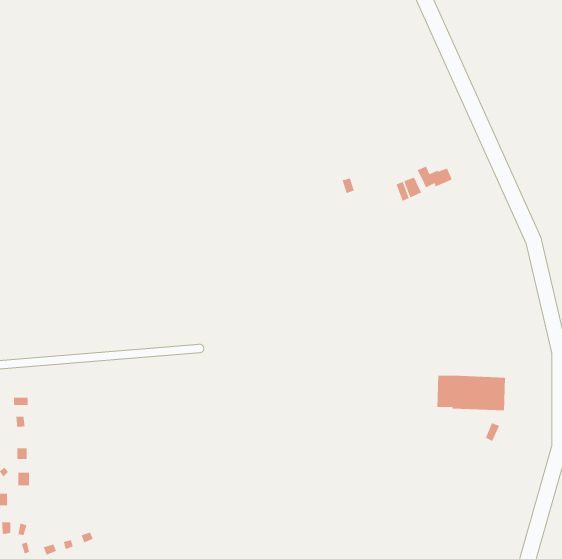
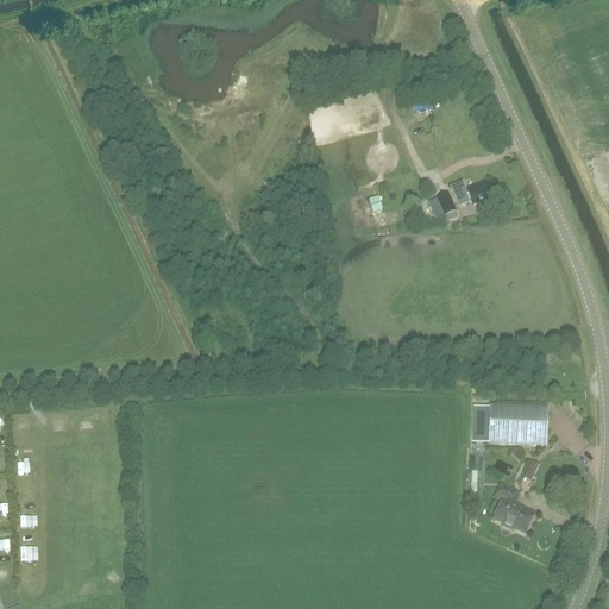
building: none -> [492,483,533,530]

